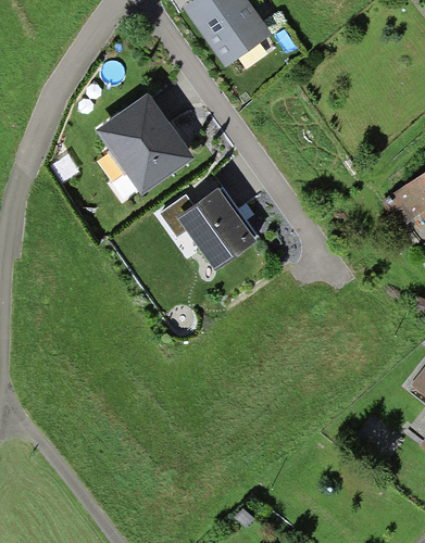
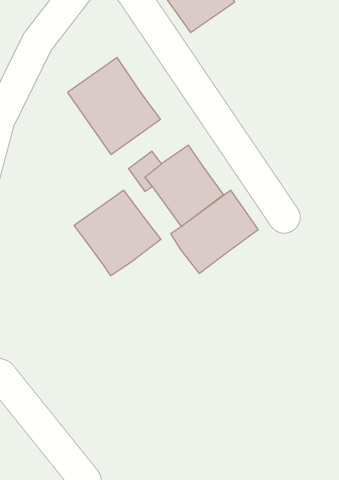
building: none -> [171,190,258,273]
building: none -> [74,190,161,276]

